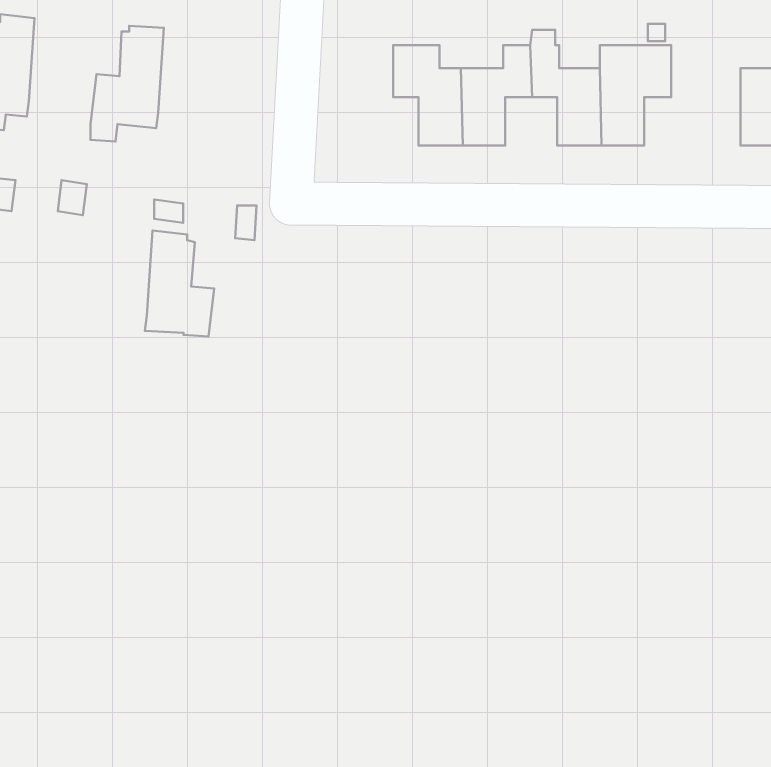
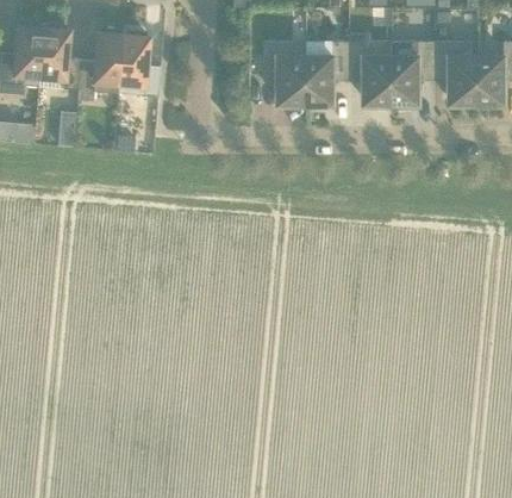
building: none -> [37,24,80,89]
building: none -> [435,41,477,102]
building: [145,231,214,337] -> [117,30,160,95]

